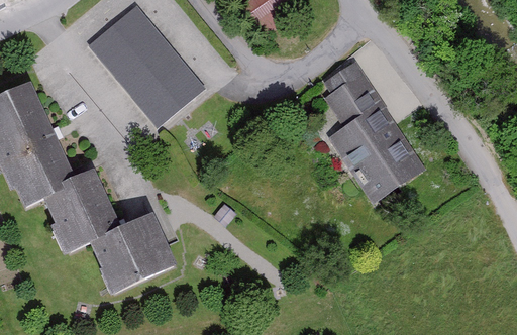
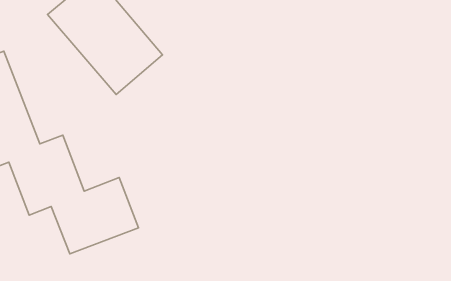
building: [320,62,422,205] -> none

